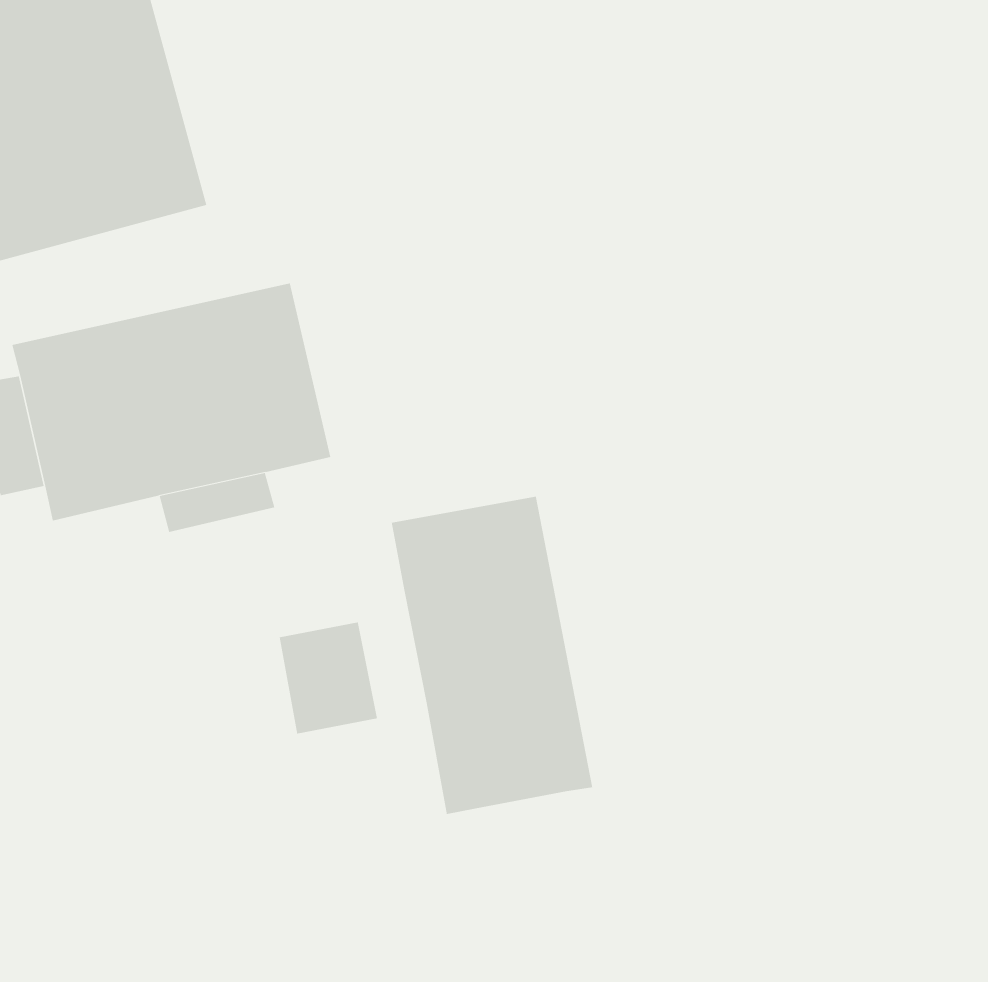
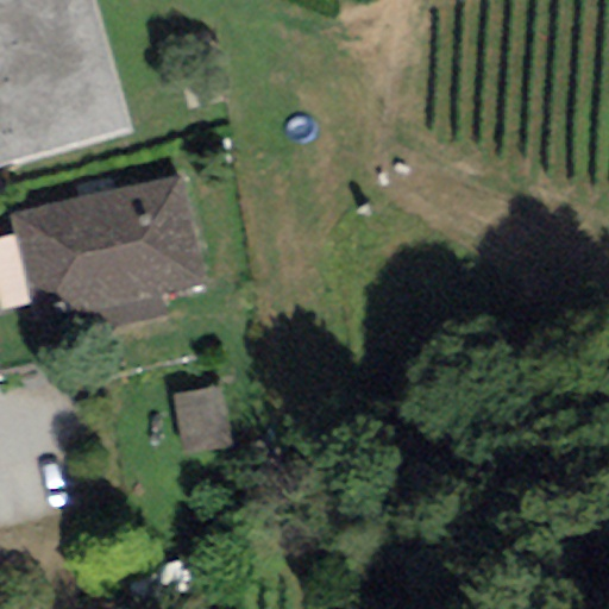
building: [391,496,593,815] -> none

